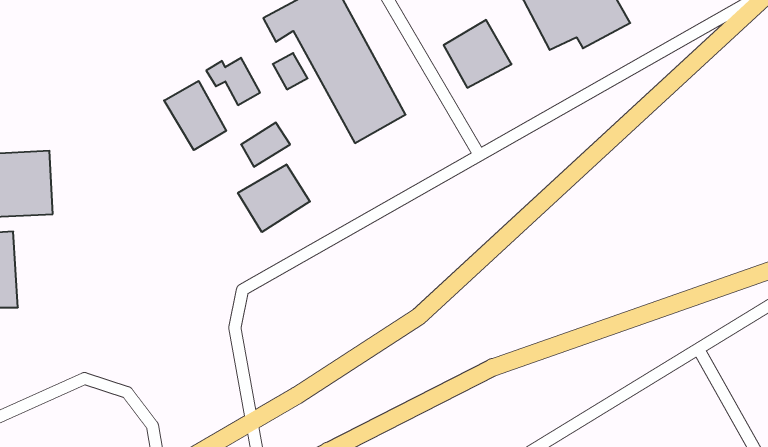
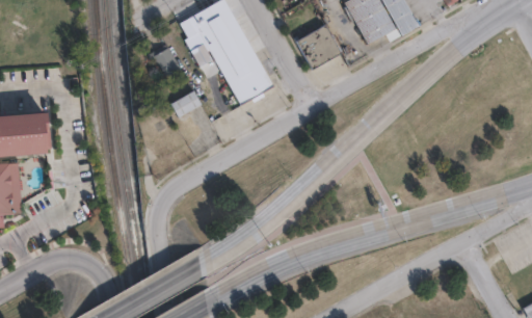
building: [164,81,226,150] -> none
building: [238,164,310,232] -> none

